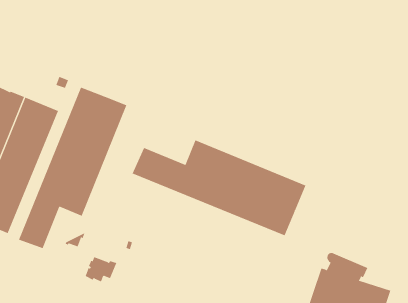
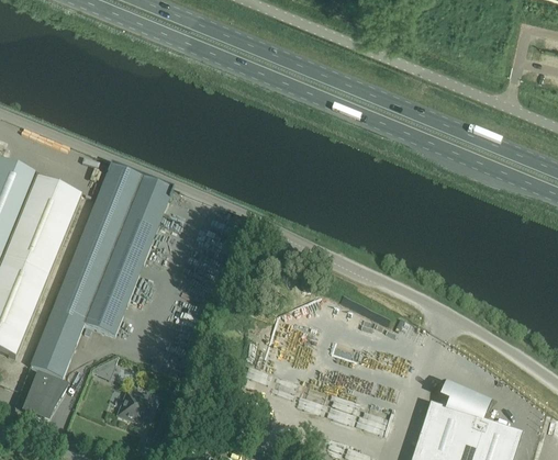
building: [132,140,306,236] -> none
building: none -> [25,375,66,417]

